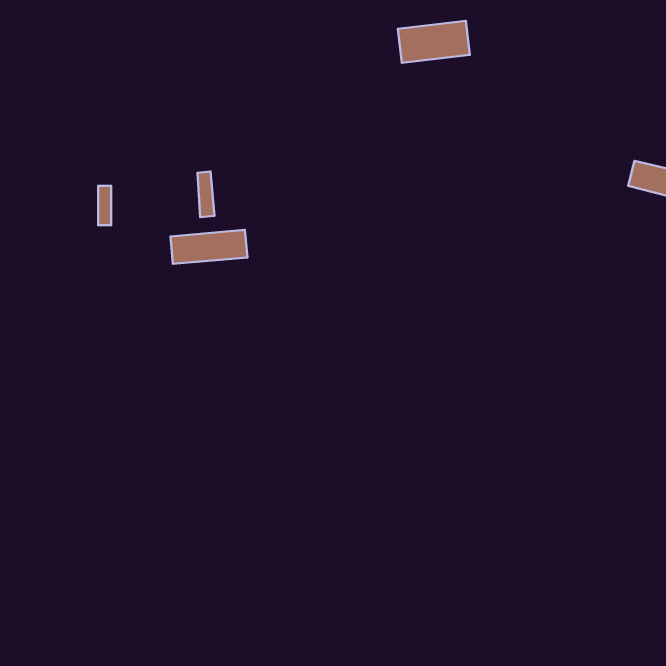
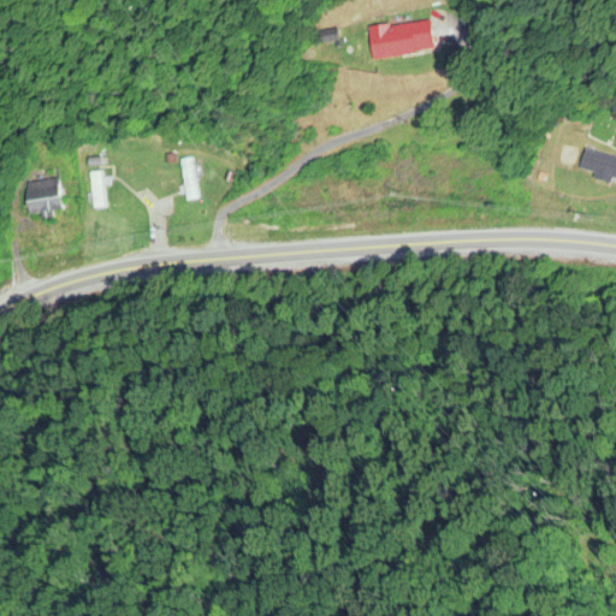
building: none -> [26,180,61,211]
building: [170,230,247,264] -> none

